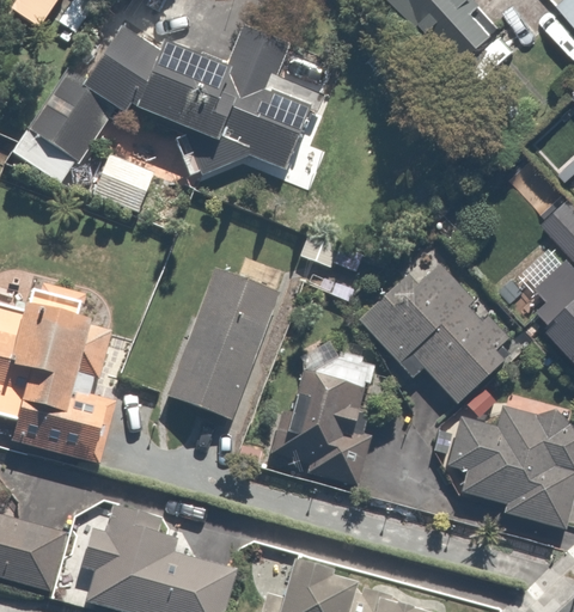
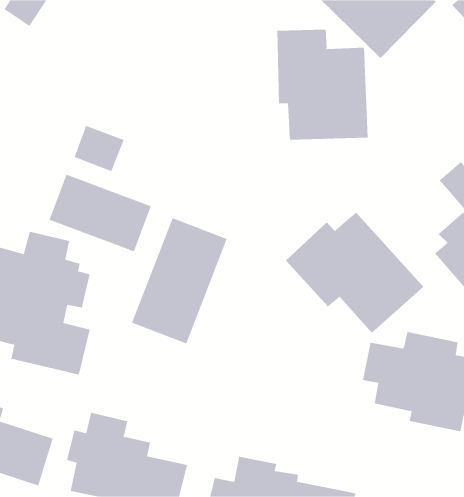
building: [11,20,332,186] -> none
building: none -> [277,29,368,141]
building: none -> [49,174,152,252]
building: [281,339,377,485] -> none

